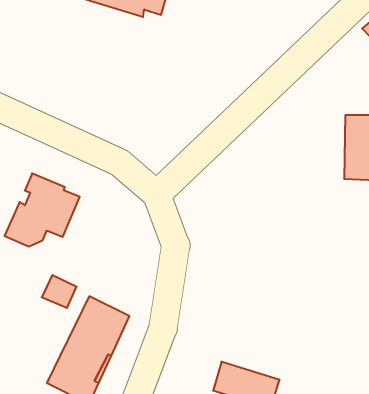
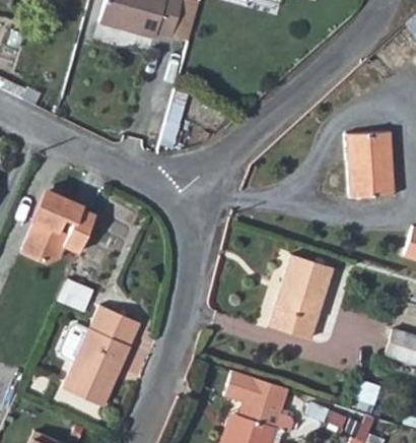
building: none -> [264,252,327,337]

